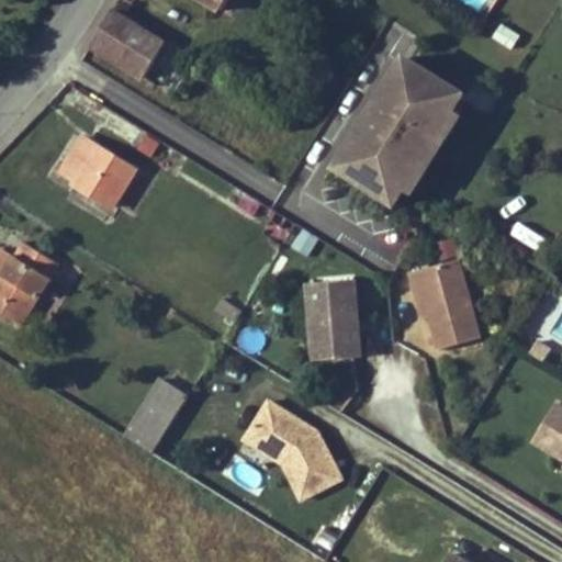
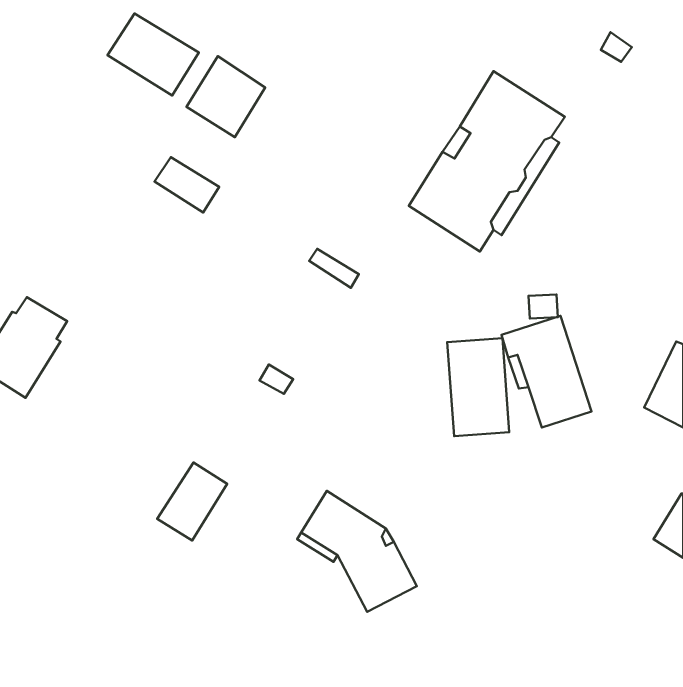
building: none -> [186,56,265,137]
building: [60,137,133,207] -> none
building: [307,279,358,359] -> [447,338,509,436]

